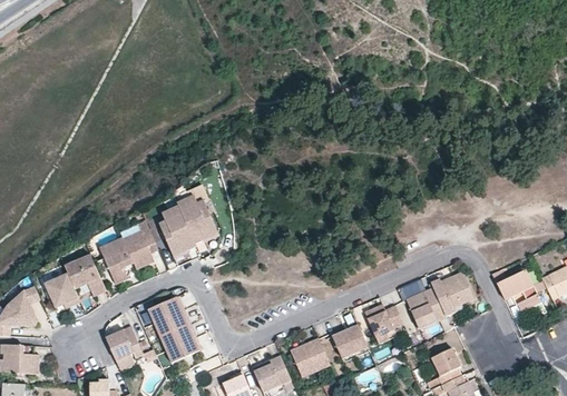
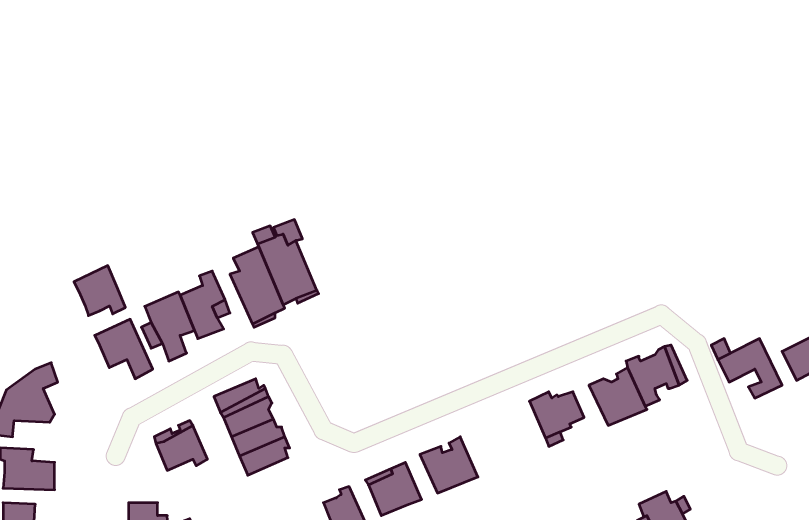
building: [46,274,81,308] -> [74,266,125,316]
building: [333,326,369,359] -> none
building: [431,348,461,384] -> none

